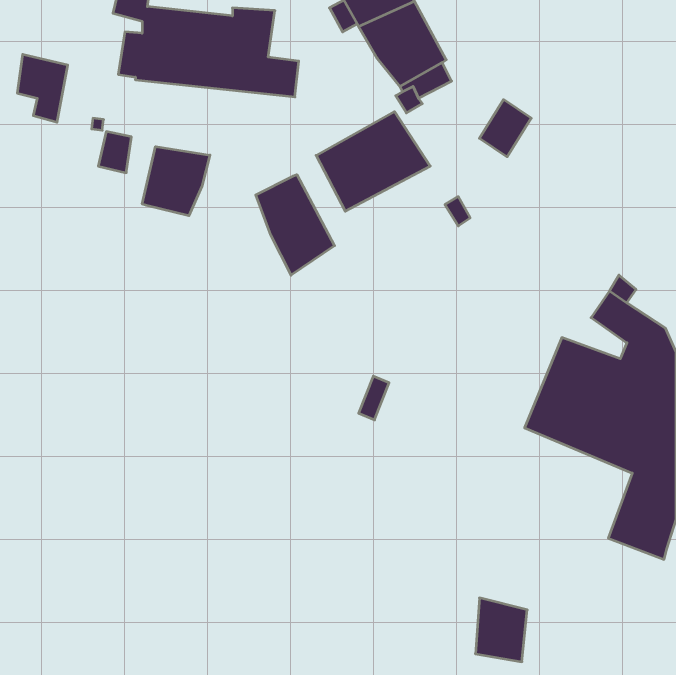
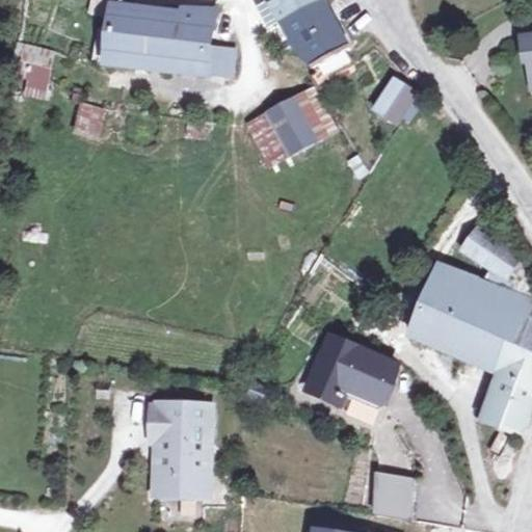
building: [142,147,210,216] -> none
building: [256,175,335,275] -> none
building: none -> [311,336,397,402]
building: none -> [151,402,211,496]

